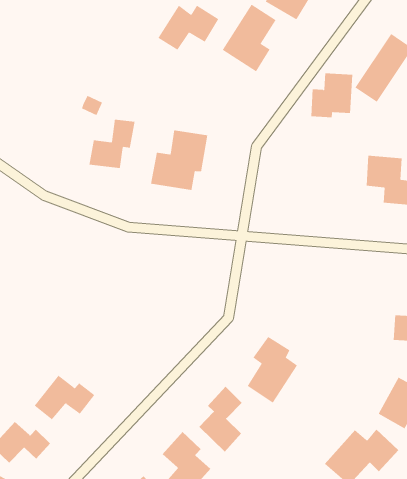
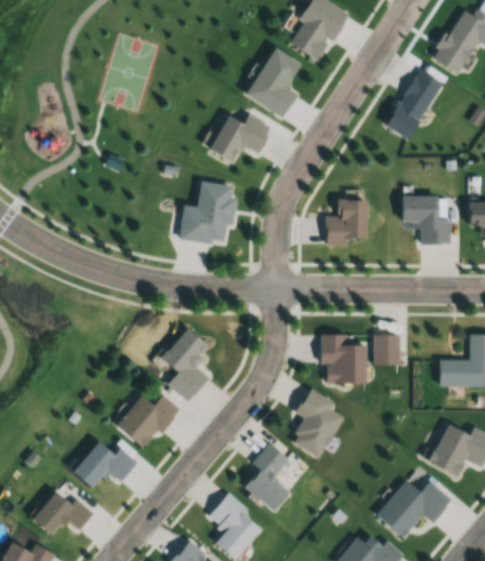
building: [157,5,219,51] -> [209,113,272,161]
building: [310,73,353,118] -> [325,198,367,244]
building: [89,119,135,169] -> none
building: none -> [160,327,209,400]
building: none -> [321,333,366,382]
building: none -> [374,333,400,364]
building: none -> [116,392,178,448]

